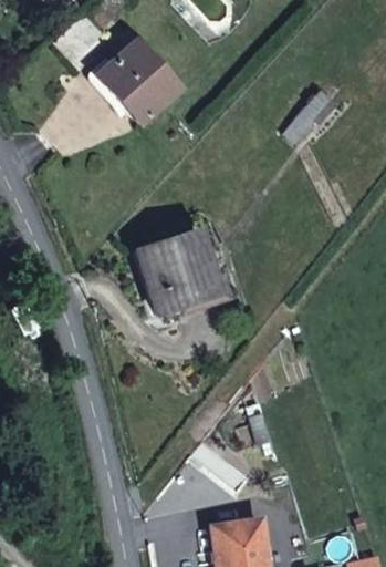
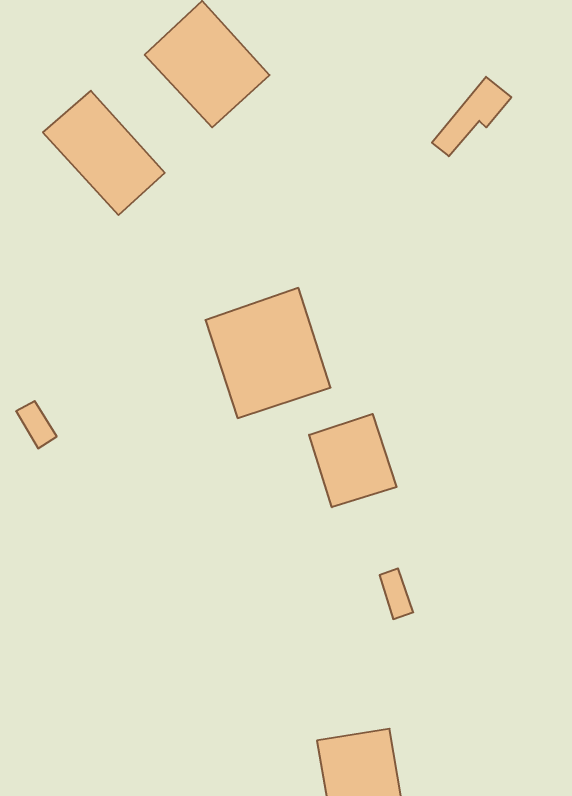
building: none -> [43,91,165,215]
building: none -> [309,414,397,507]

